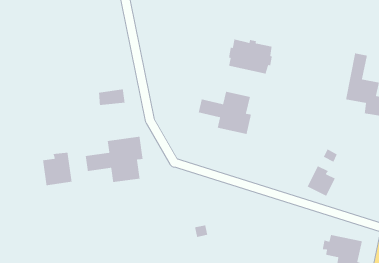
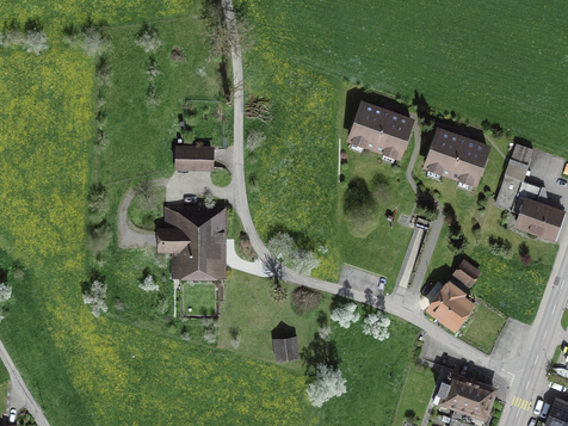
building: none -> [425,131,486,183]
building: [198,91,252,135] -> none
building: [42,152,72,186] -> none

